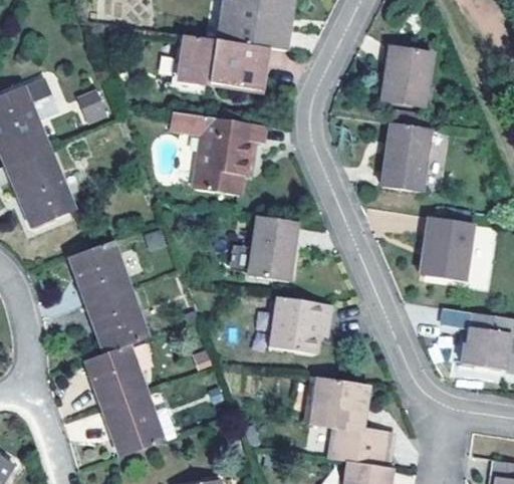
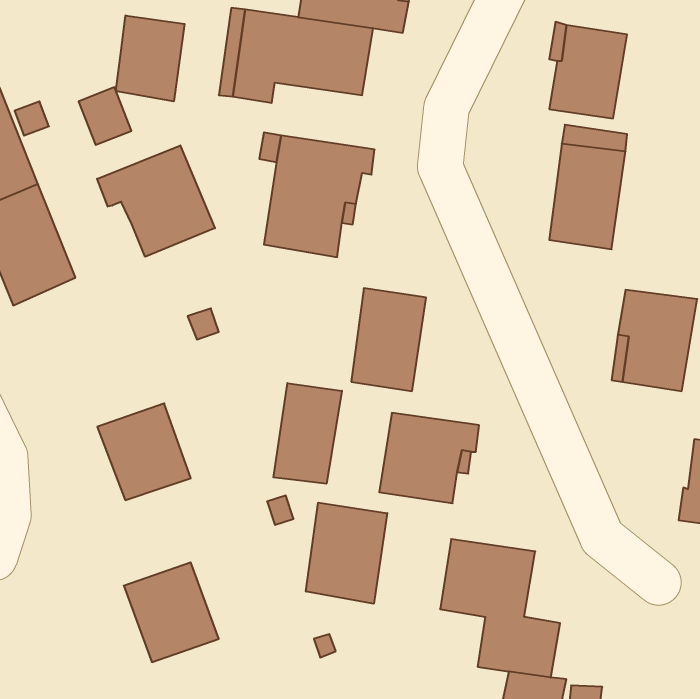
building: none -> [116,15,185,101]
building: none -> [97,145,215,257]
building: [69,240,131,305] -> none
building: none -> [273,383,342,484]
building: [87,344,148,408] -> none
building: none -> [306,503,387,604]

